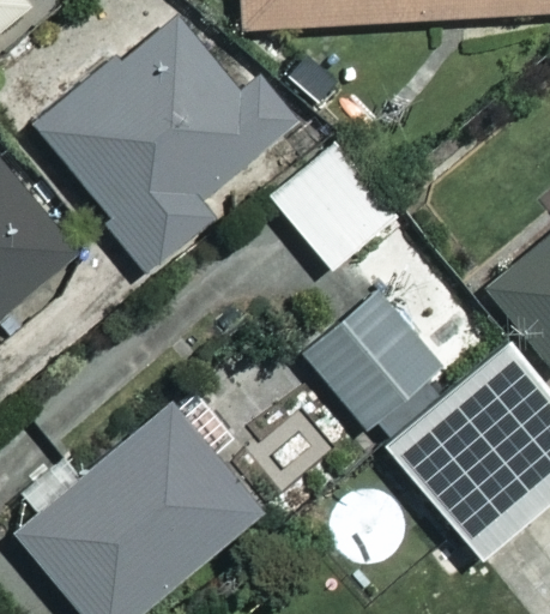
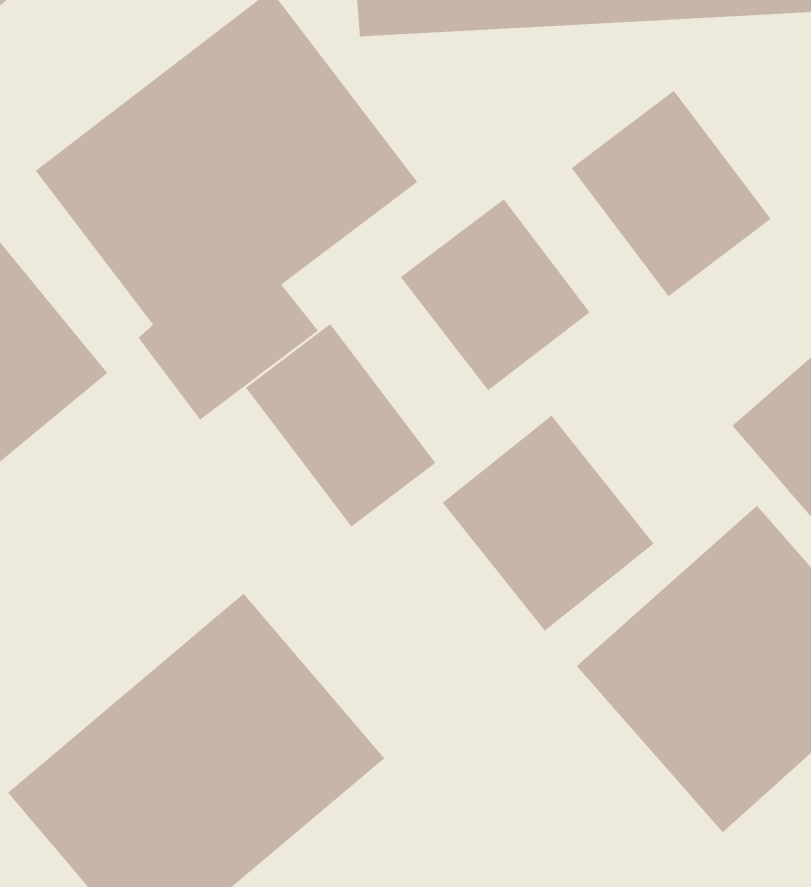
building: none -> [571,90,772,297]
building: none -> [245,323,436,528]

